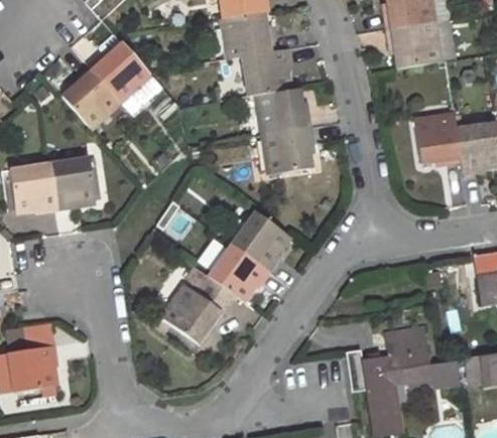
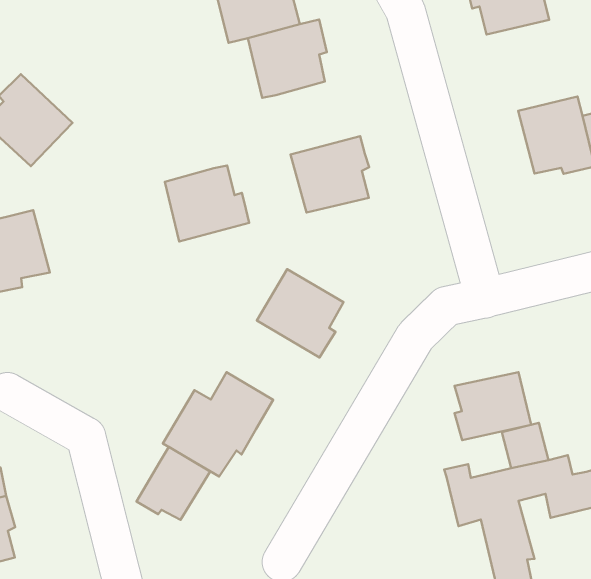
building: [89,42,150,102] -> none
building: [256,89,309,136] -> [165,165,249,241]
building: [207,244,269,301] -> none
building: none -> [455,372,531,440]
building: none -> [136,447,210,520]

